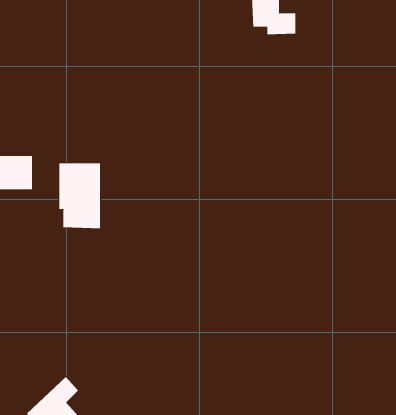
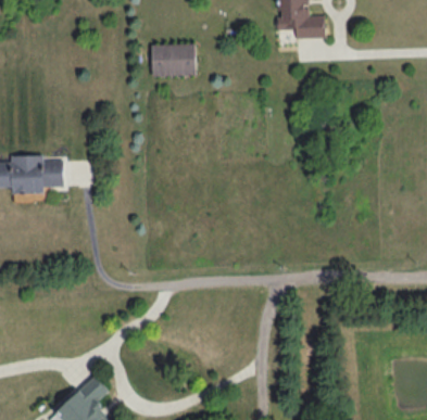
building: none -> [150,43,194,76]
building: [59,162,100,229] -> none

